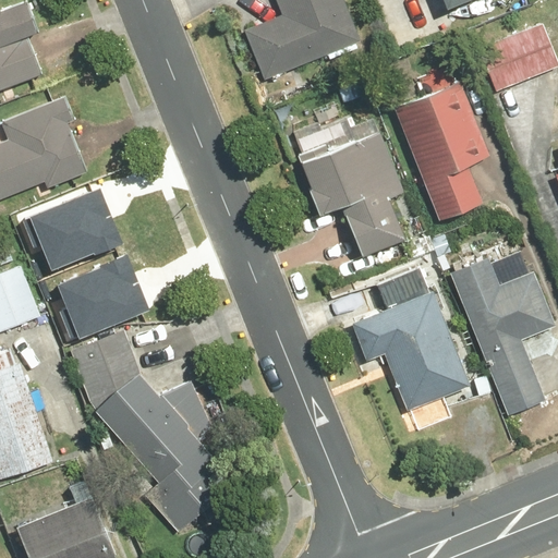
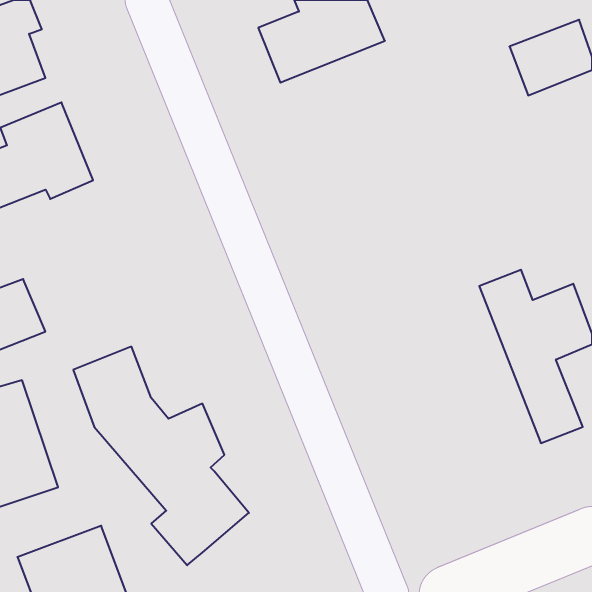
building: [392,78,490,218] -> none
building: [295,129,403,252] -> none
building: [21,195,120,272] -> none
building: [51,263,146,340] -> none
building: [351,289,470,409] -> none

